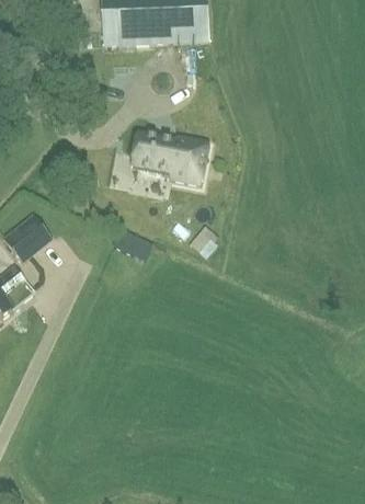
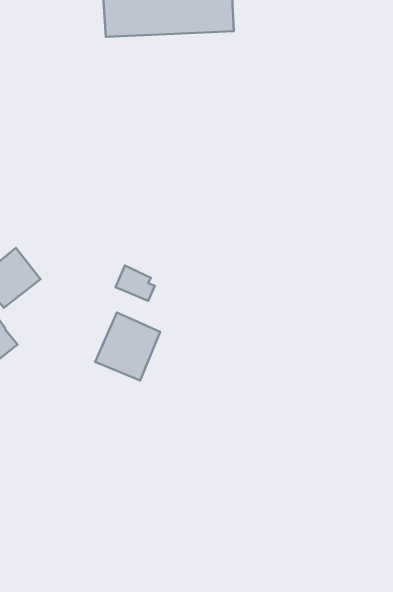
building: [130,131,206,183] -> none
building: none -> [95,313,160,380]

